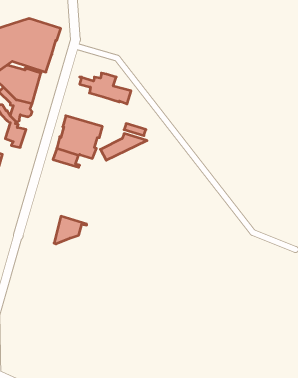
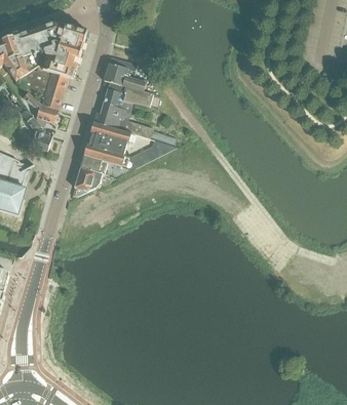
building: none -> [102,57,136,86]
building: none -> [91,89,150,138]
building: [54,216,87,244] -> [71,167,105,196]

